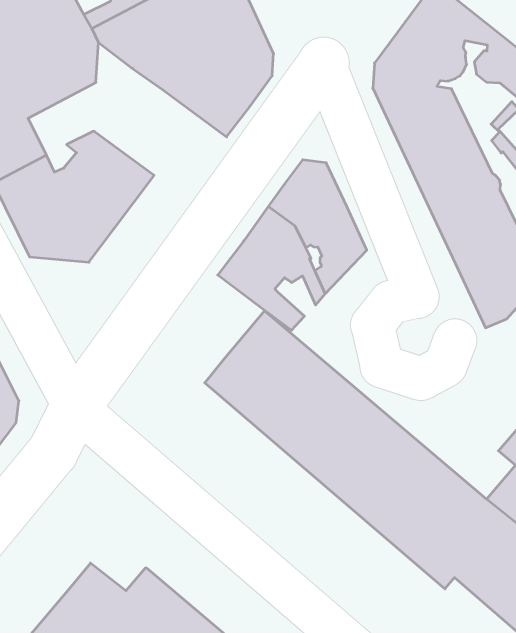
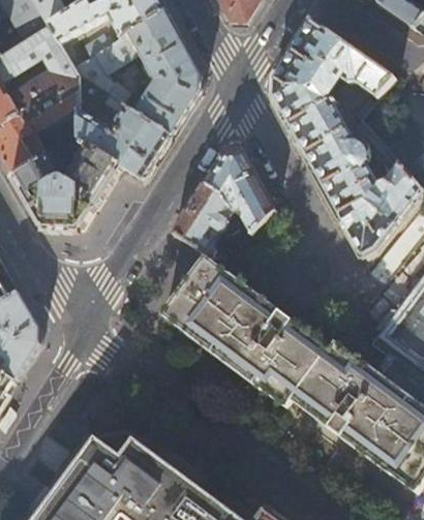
building: none -> [79,75,172,180]

